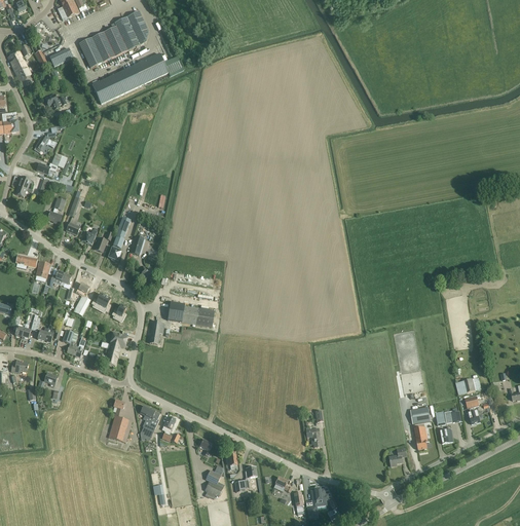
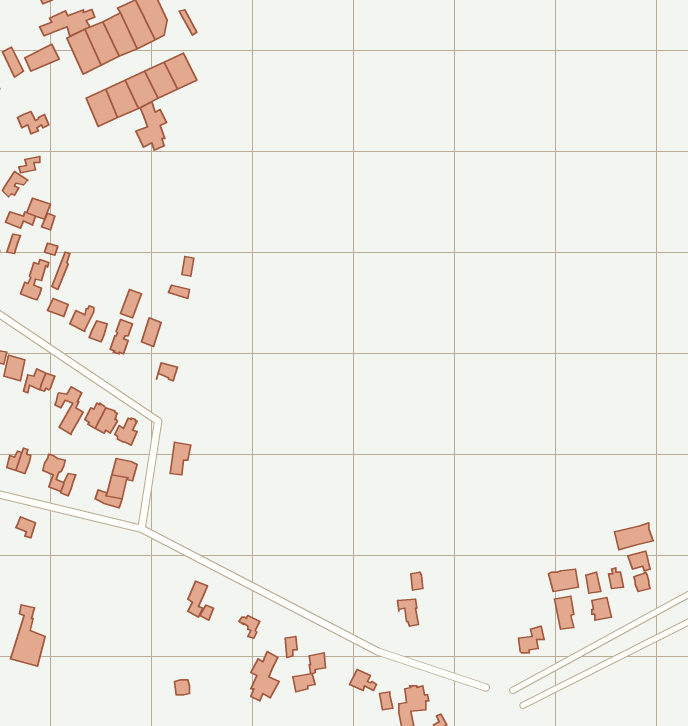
building: none -> [40,9,95,36]
building: none -> [136,102,167,150]
building: [169,303,215,327] -> none
building: [108,400,132,442] -> [11,605,45,666]
building: [140,405,160,440] -> none

